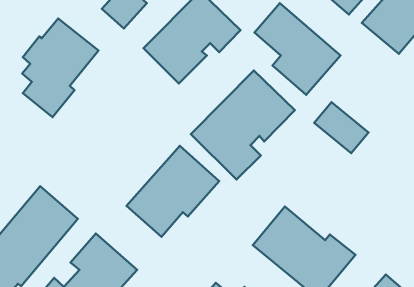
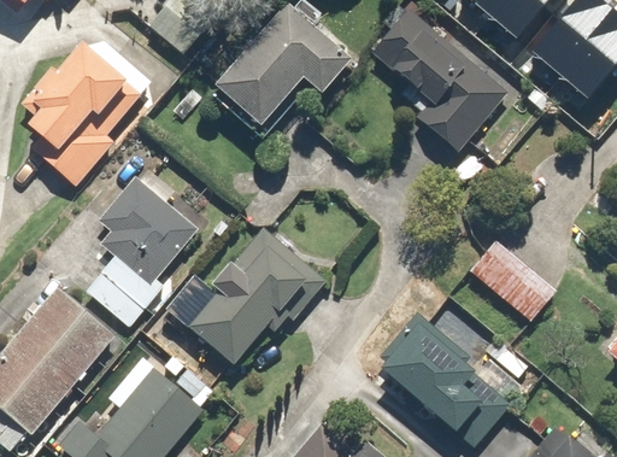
building: [191,70,295,179] -> none
building: [314,102,368,153] -> [472,245,552,320]
building: none -> [87,168,196,323]

